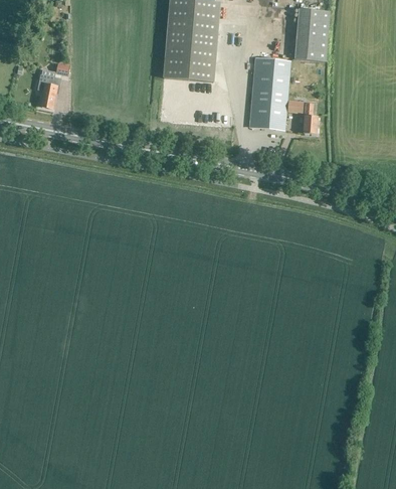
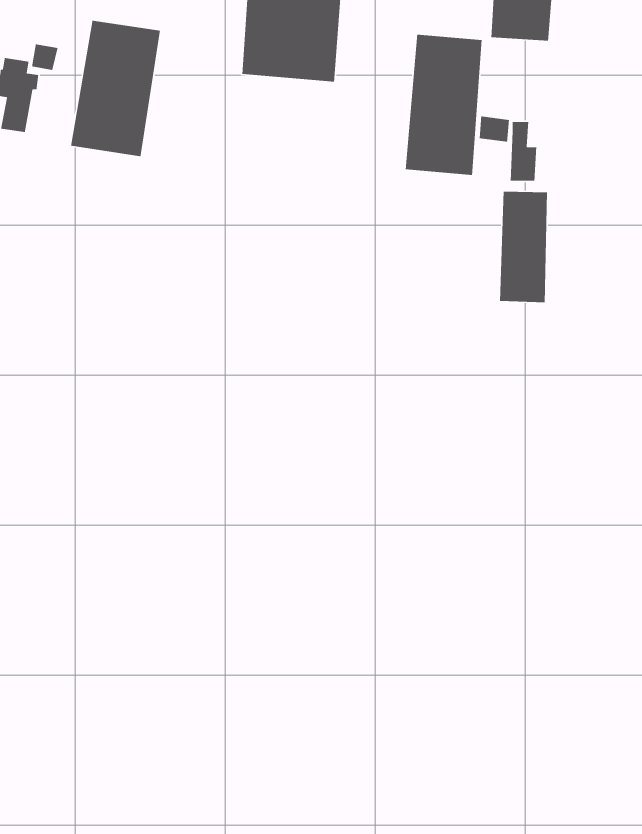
building: none -> [70,20,161,157]
building: none -> [499,191,548,303]

